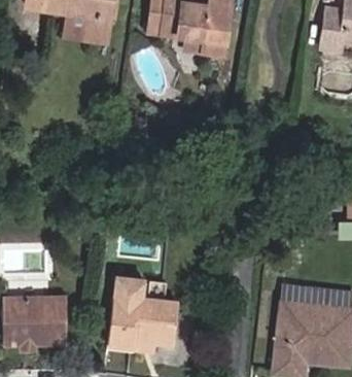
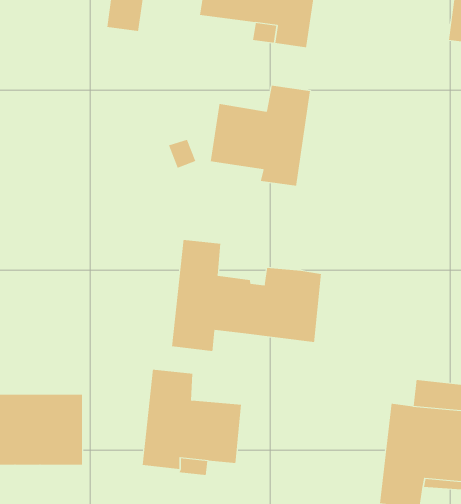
building: none -> [210,85,311,186]
building: none -> [172,239,322,352]

